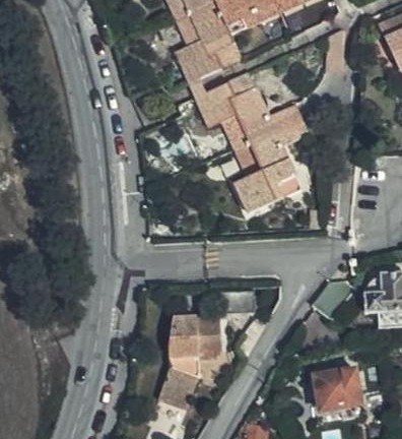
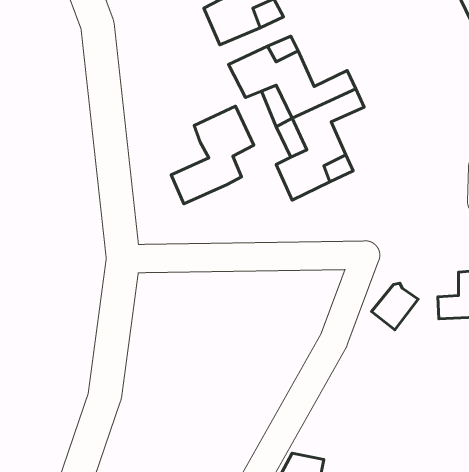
building: none -> [171,106,254,204]
building: [165,314,228,403] -> none
building: [320,367,366,418] -> none

